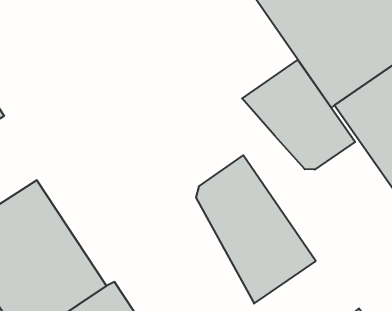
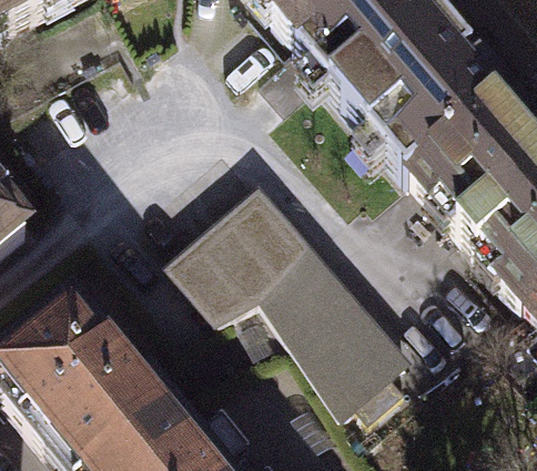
building: [242,60,355,170] -> none
building: none -> [180,185,318,319]

